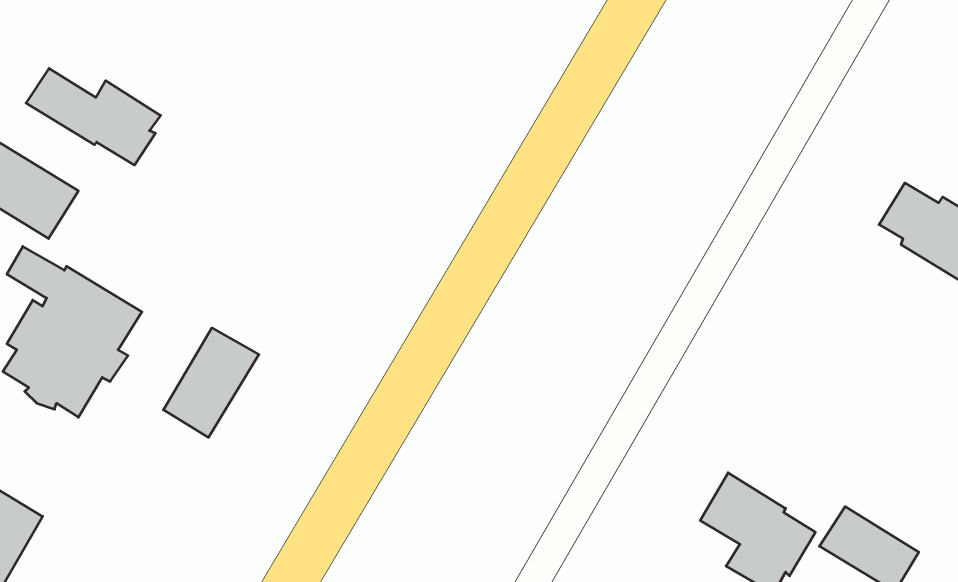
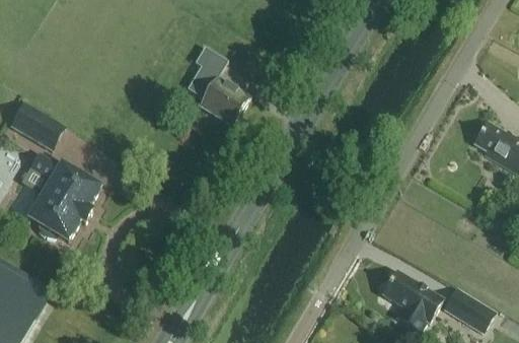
building: none -> [187,47,248,125]
building: [26,68,161,165] -> none
building: [163,328,259,437] -> none

